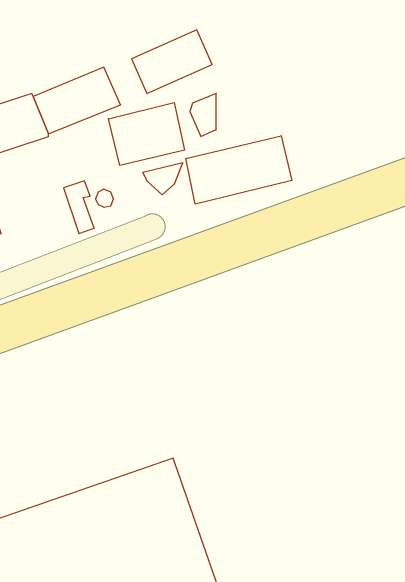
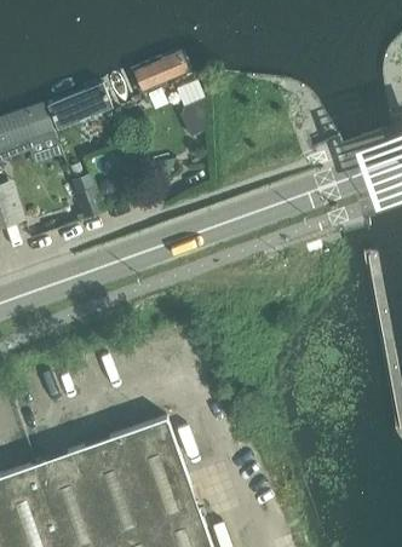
building: [108,103,185,165] -> none
building: [186,136,292,204] -> none

